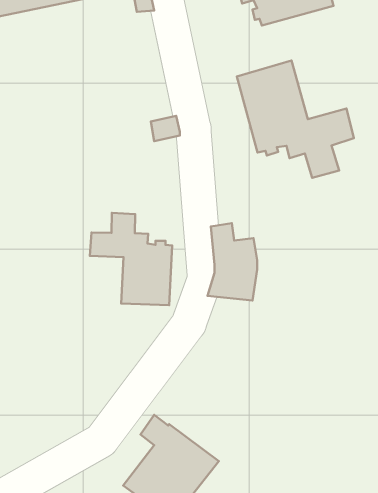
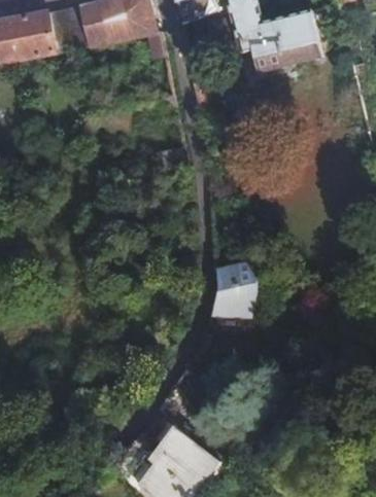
building: [237,61,354,178] -> none
building: [90,213,172,305] -> none

